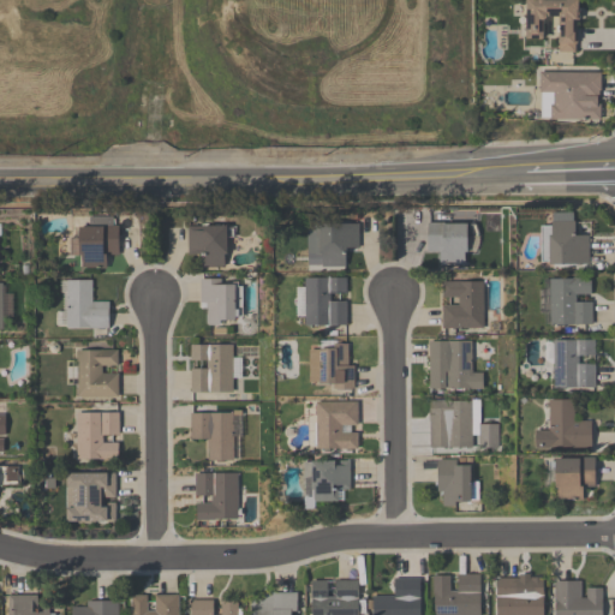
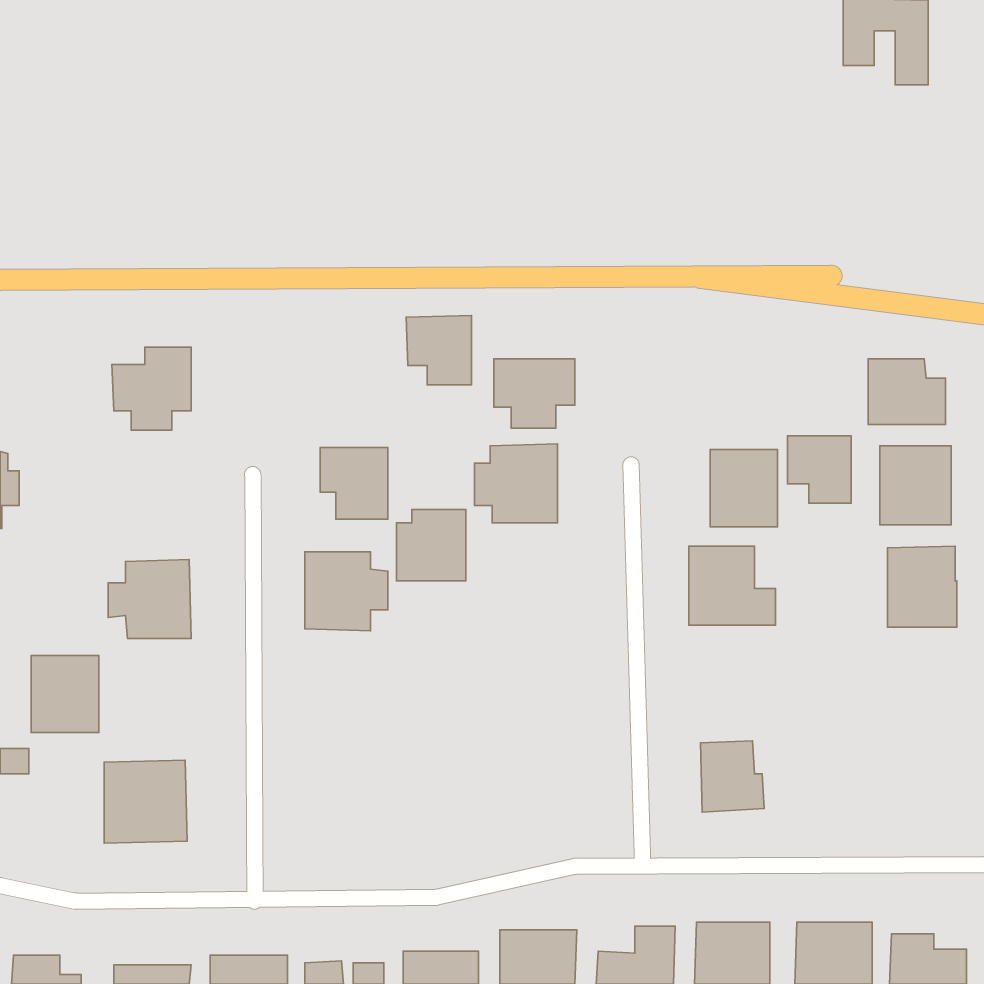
building: [541,72,602,120] -> none
building: [187,223,228,267] -> [406,315,472,385]
building: [428,223,467,265] -> [788,436,851,503]
building: [59,280,111,328] -> none
building: [312,342,356,387] -> [396,509,466,581]
building: [430,399,500,448] -> none
building: [317,401,359,449] -> none
building: [536,401,593,449] -> none
building: [77,412,119,460] -> [31,655,99,733]
building: [191,412,235,460] -> none
building: [547,459,597,502] -> none
building: [305,460,352,509] -> none
building: [197,473,240,520] -> none

